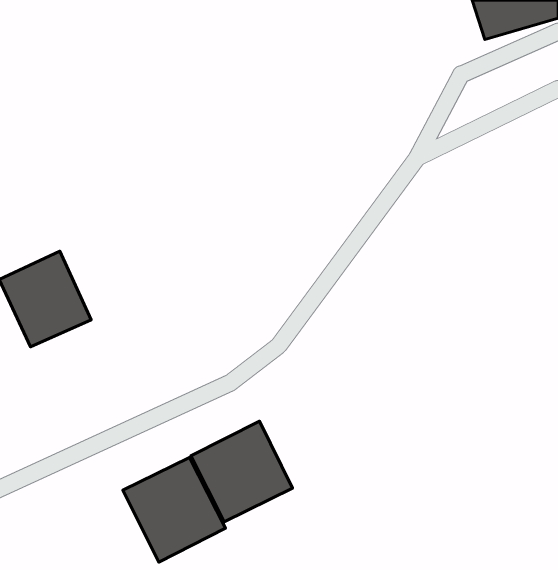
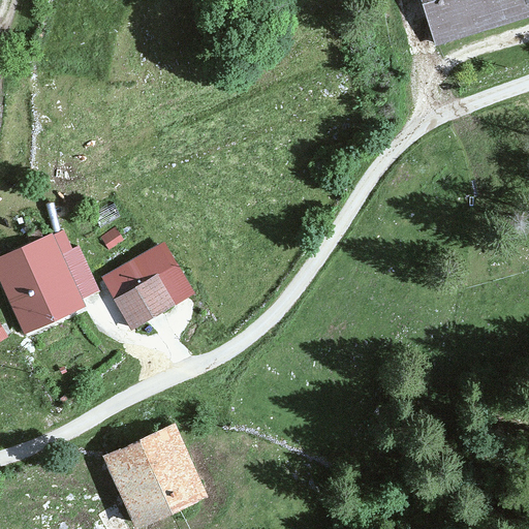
building: none -> [118,248,186,316]
building: [191,421,293,522] -> none

